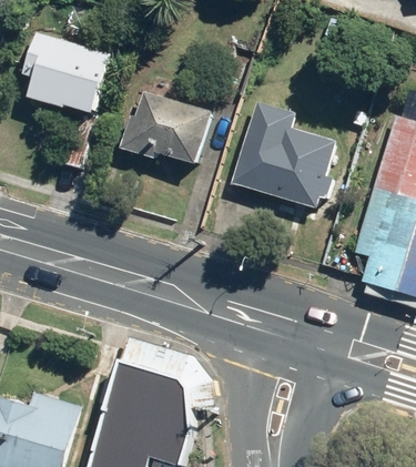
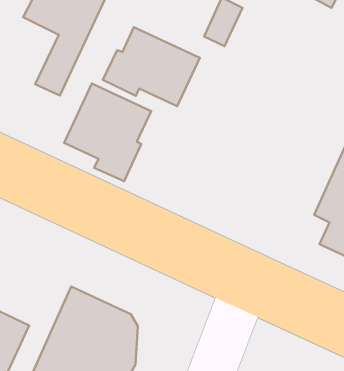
building: [230,103,335,210] -> none
building: none -> [64,84,151,181]

